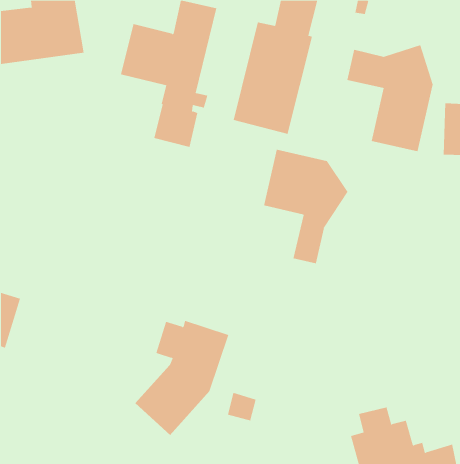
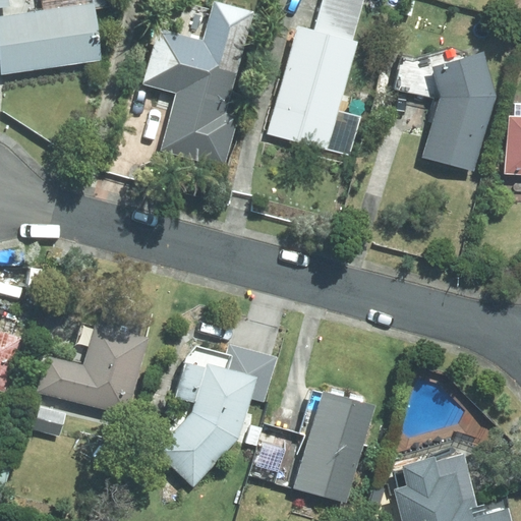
building: [263,149,348,264] -> none
building: none -> [42,303,153,416]
building: none -> [297,386,377,501]

